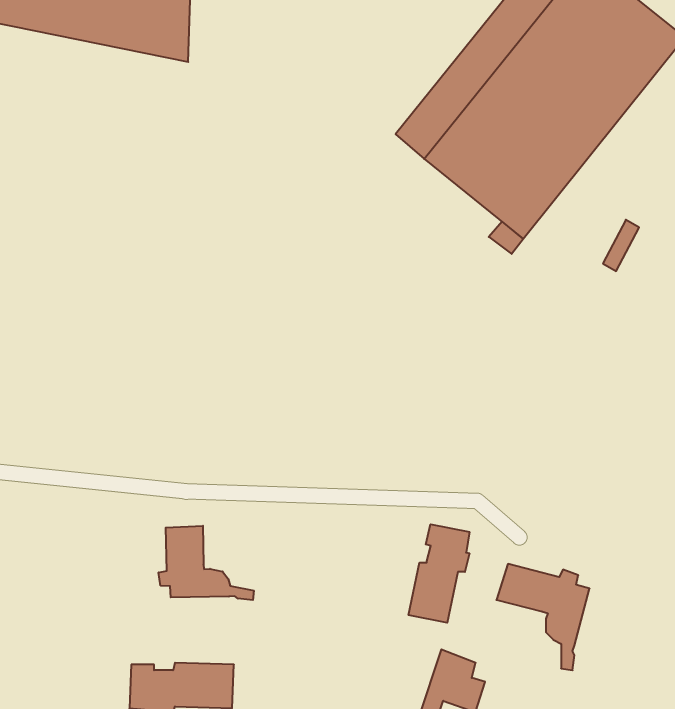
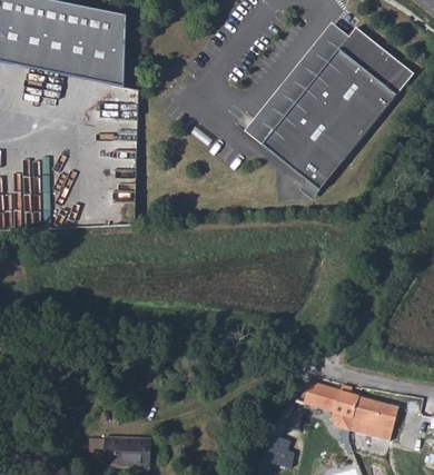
building: [409,524,469,623] -> none
building: [159,526,254,600] -> none
building: none -> [349,395,397,439]

